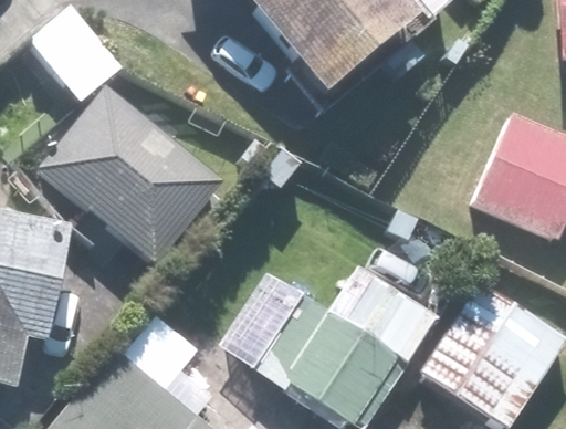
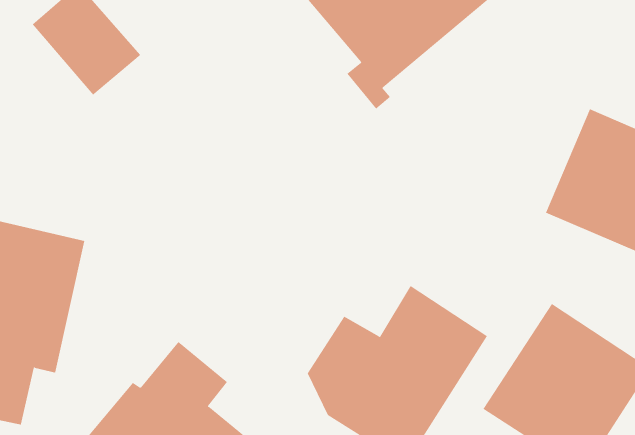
building: [39,86,224,265] -> none

